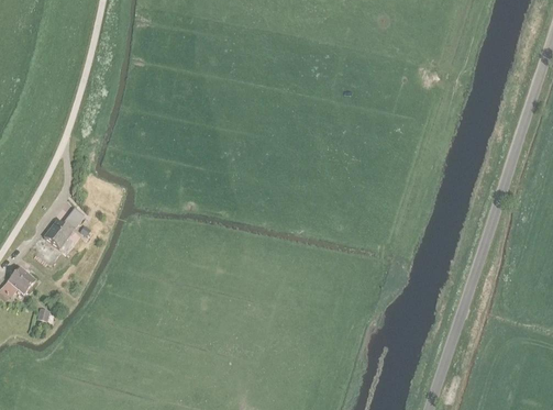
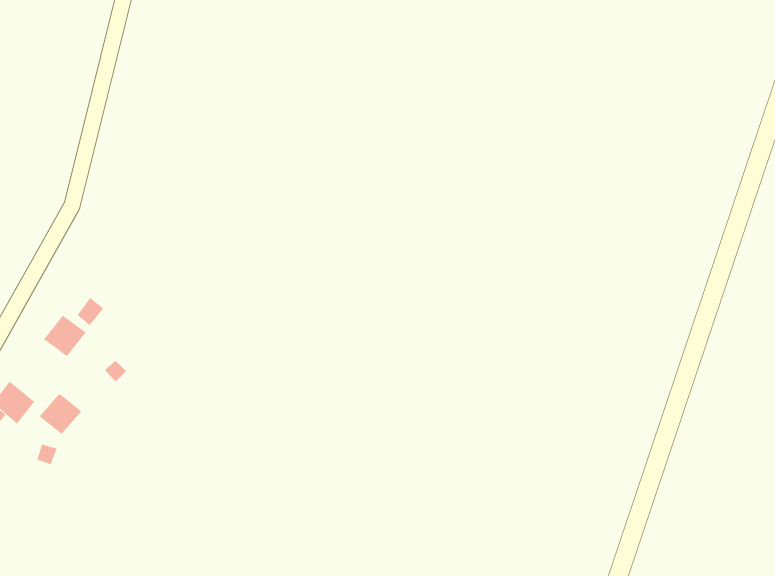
building: none -> [39,393,82,435]

